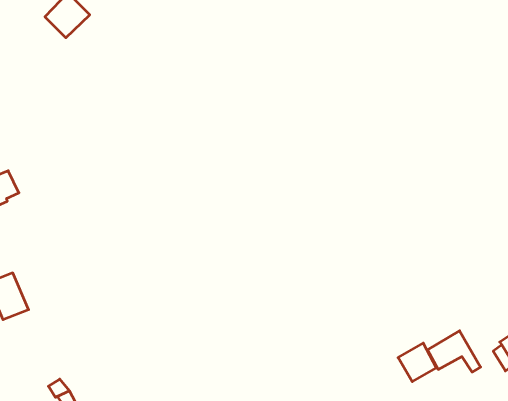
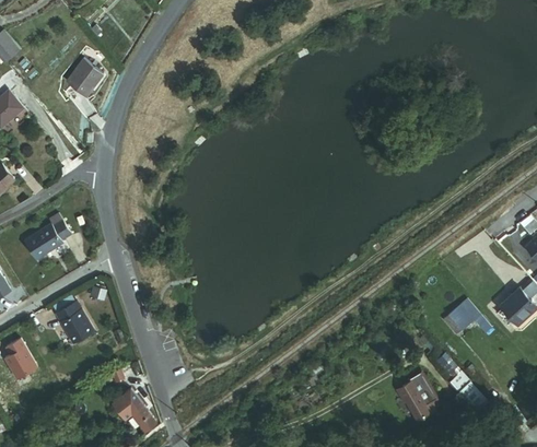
building: [398,343,436,382] -> none

